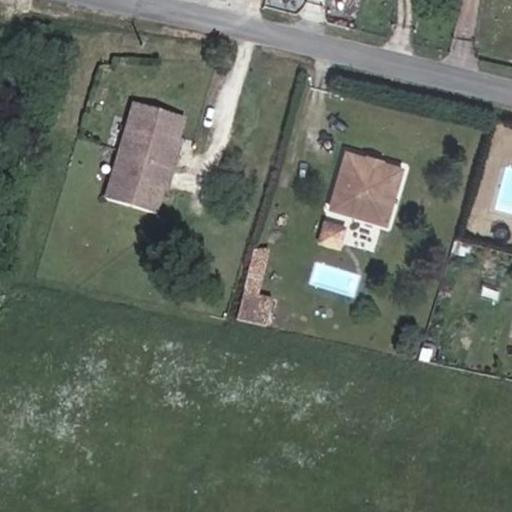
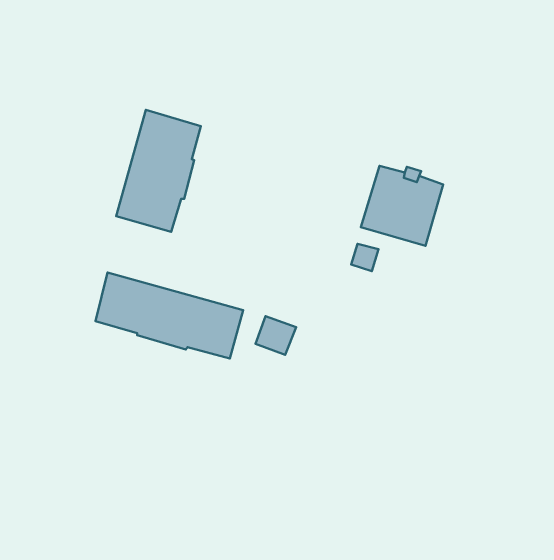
building: none -> [96,272,243,358]

